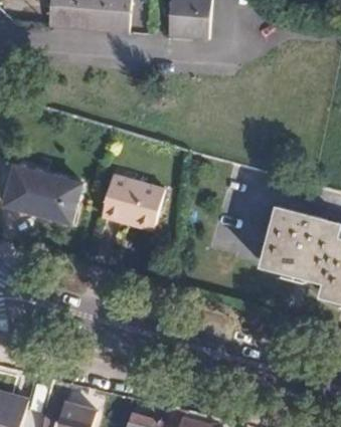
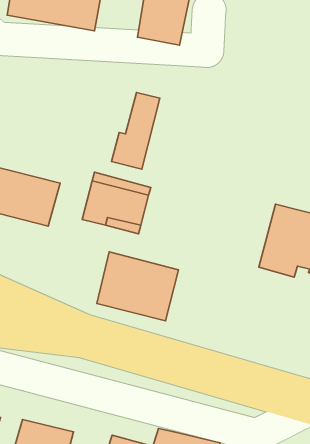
building: none -> [112,92,160,169]
building: none -> [97,252,178,321]

